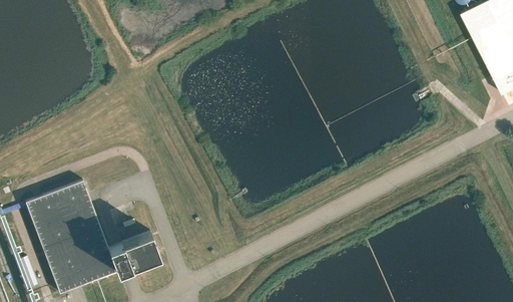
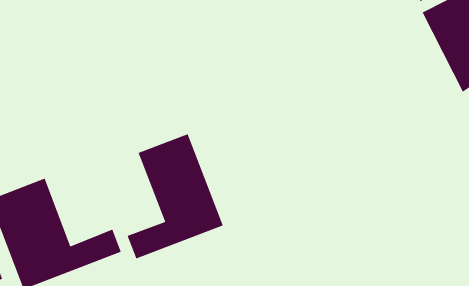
building: none -> [126,133,224,260]

